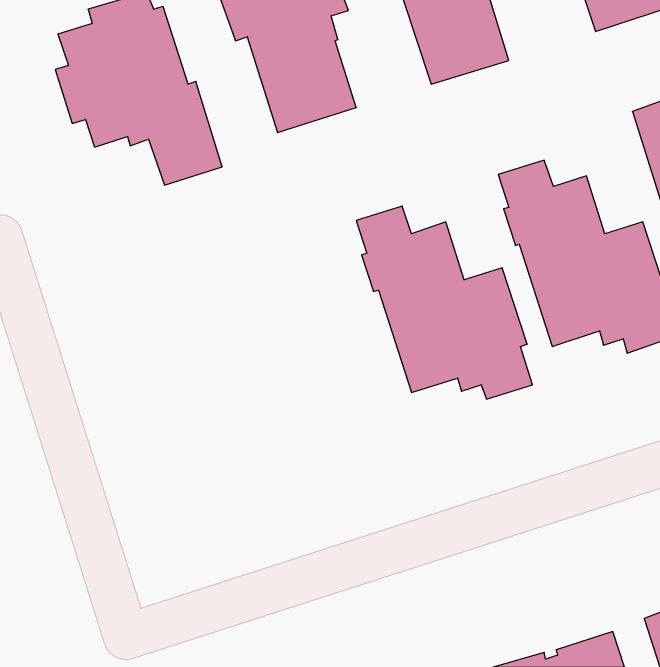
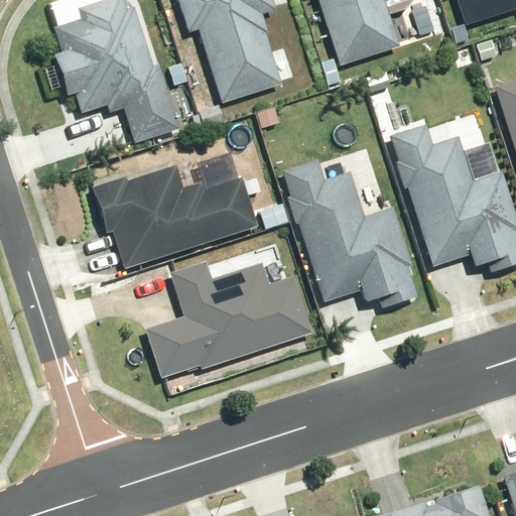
building: none -> [92,164,258,268]
building: none -> [145,260,313,377]

